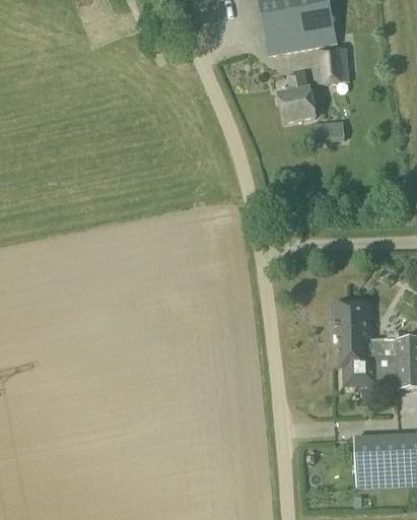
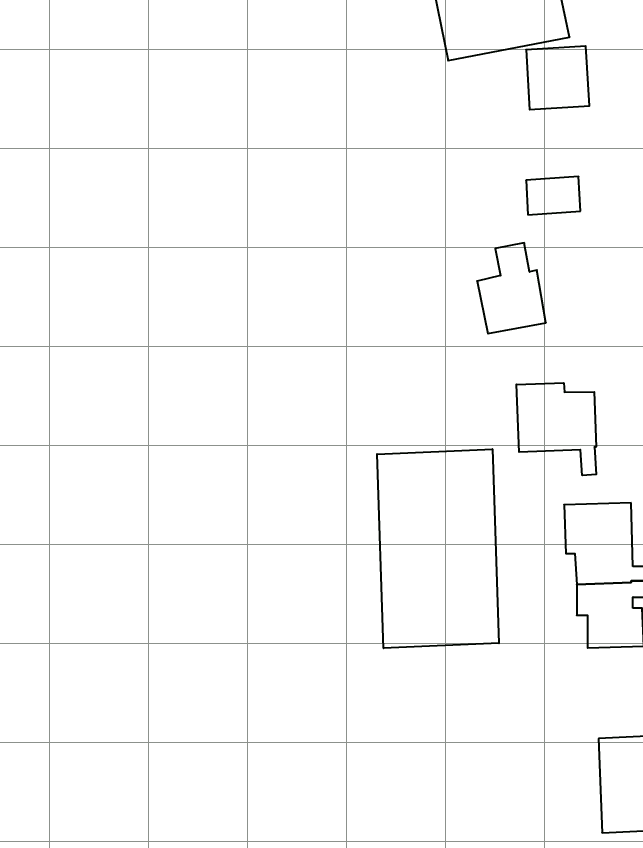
building: [276,72,315,123] -> [477,243,546,334]
building: none -> [516,383,596,475]
building: none -> [377,449,499,648]

